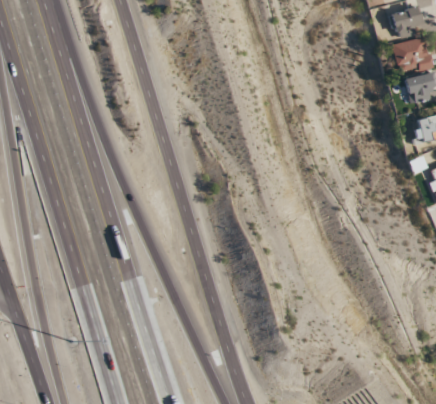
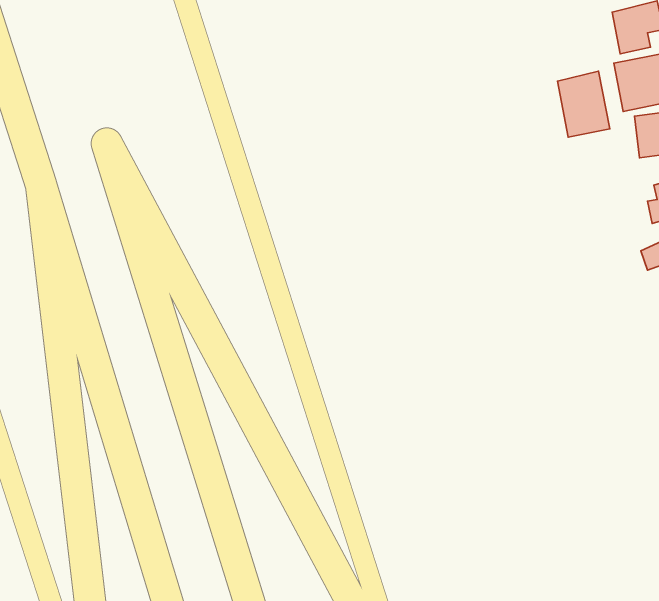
building: none -> [557,71,610,137]

